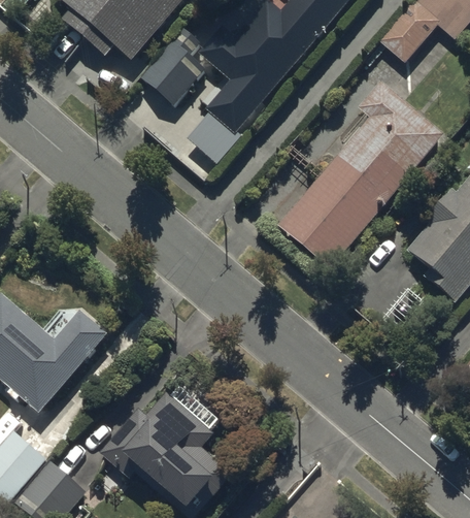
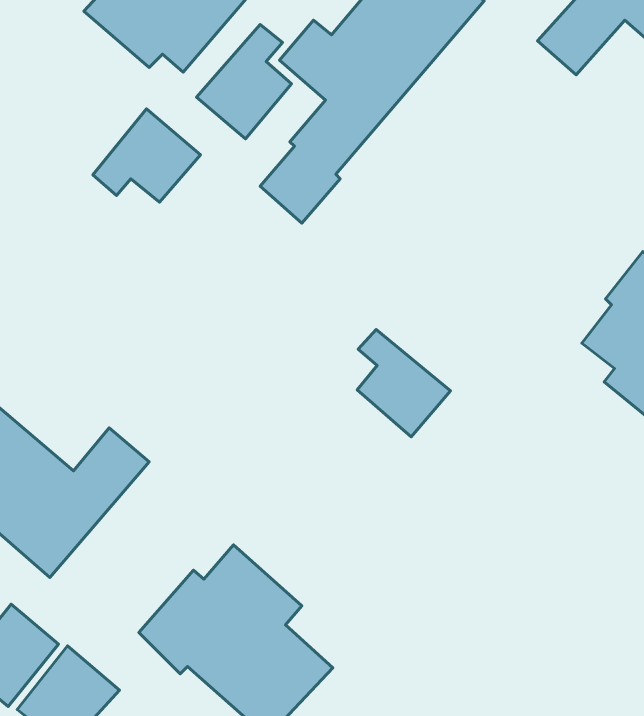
building: [278,77,446,267] -> none
building: none -> [93,109,201,202]
building: none -> [357,329,450,437]

